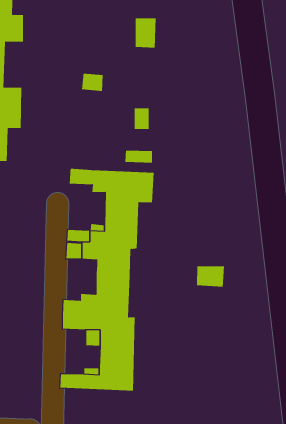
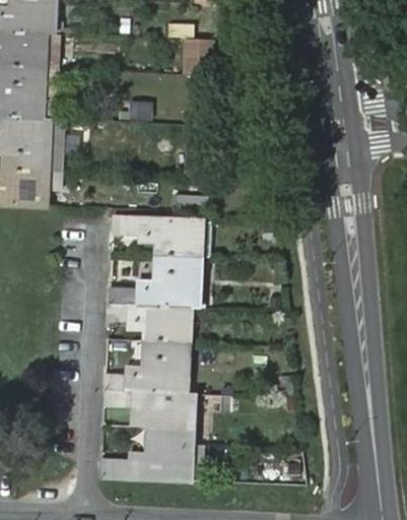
building: [196,265,224,287] -> none

